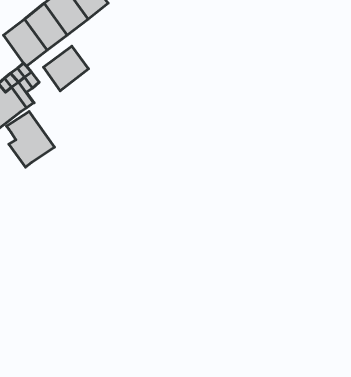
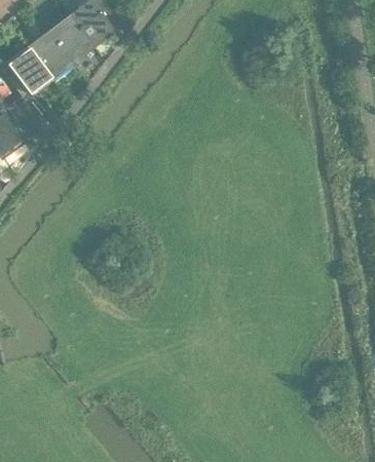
building: [44,46,89,91] -> none
building: [6,112,55,167] -> none

